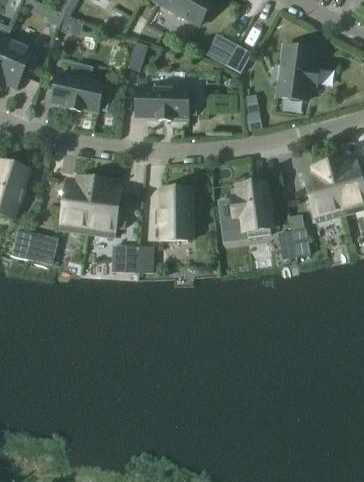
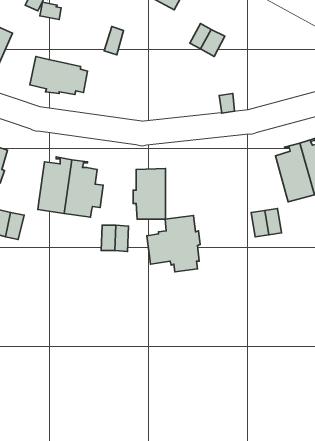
building: [276,44,318,99] -> none
building: [136,86,196,120] -> none
building: [218,179,273,237] -> [147,215,200,272]

